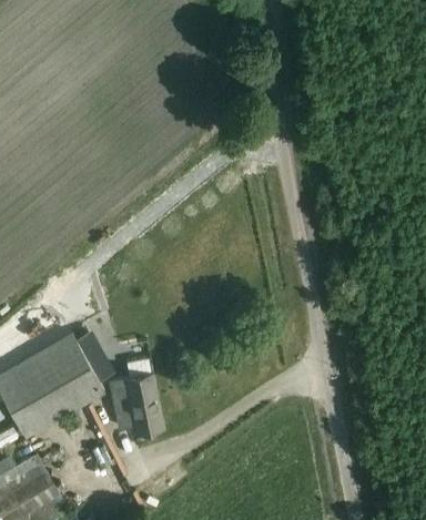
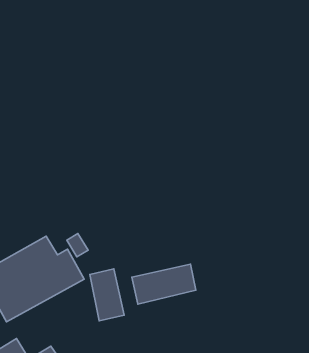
building: none -> [132,264,196,304]

